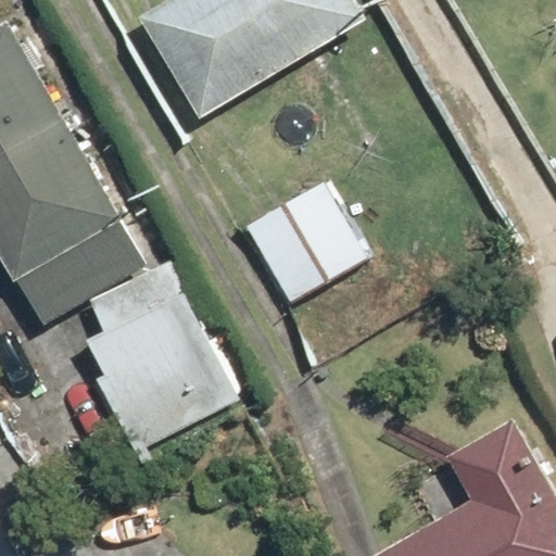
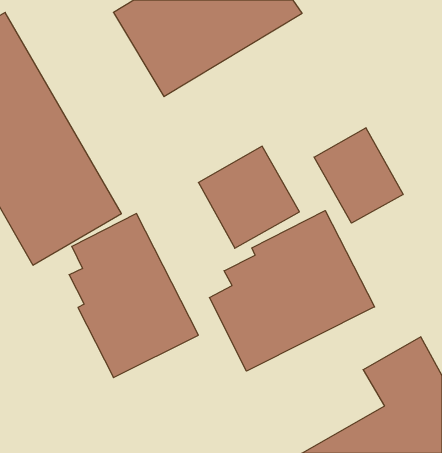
building: none -> [314,128,403,223]
building: none -> [209,211,375,371]

